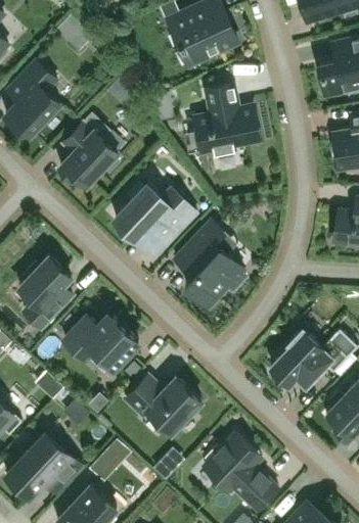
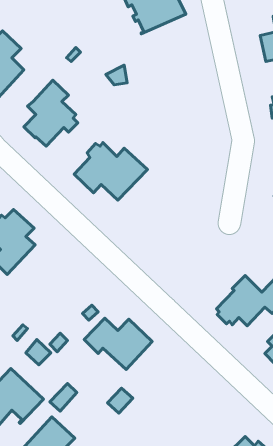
building: [195,85,256,154] -> none
building: [175,221,245,307] -> none
building: [63,314,138,376] -> none
building: [204,433,278,511] -> none

